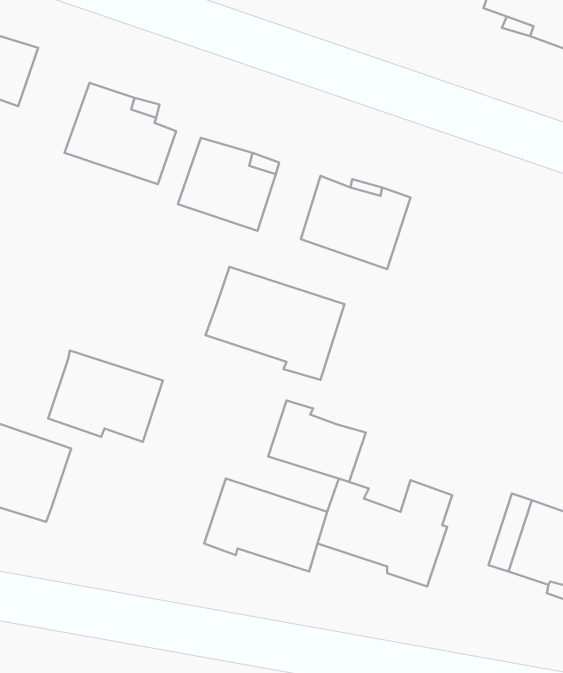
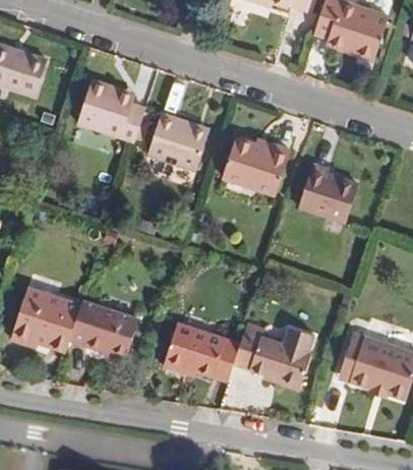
building: none -> [295,165,353,223]
building: [206,267,345,380] -> none
building: [48,350,163,442] -> [67,300,137,356]
building: [268,400,366,482] -> none

